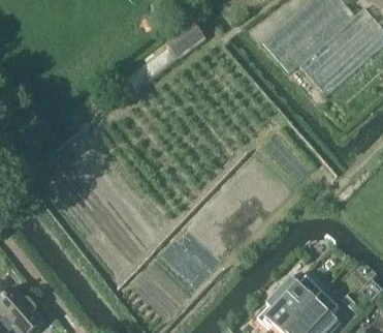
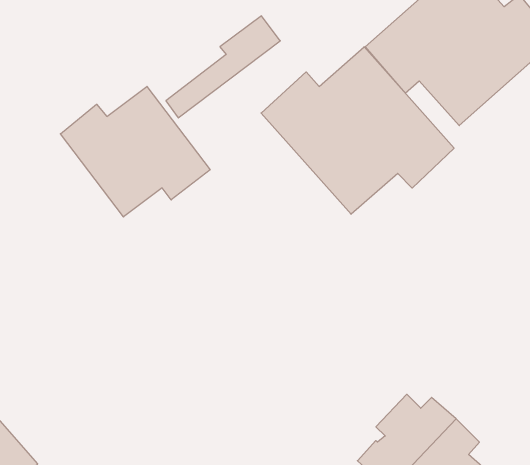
building: none -> [261,47,454,214]
building: none -> [60,86,210,217]

